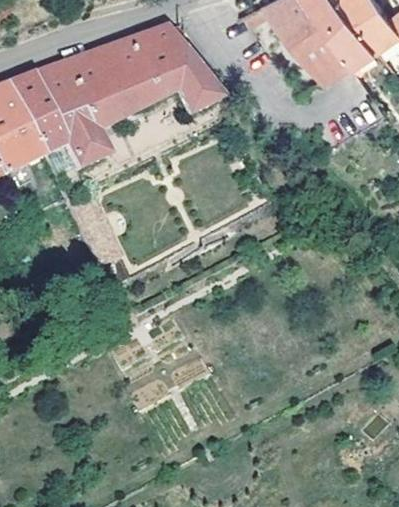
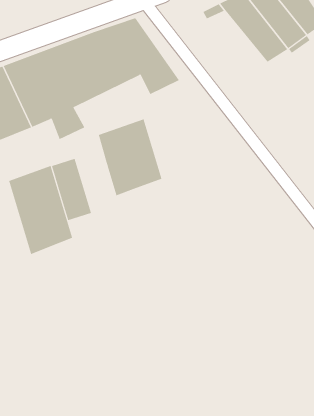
building: none -> [98,118,162,196]
building: none -> [9,165,73,255]

